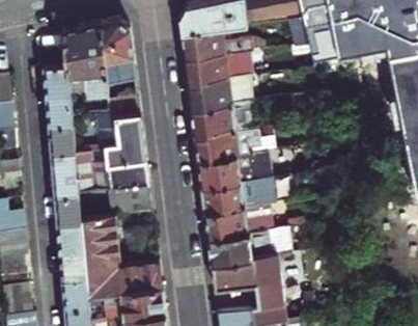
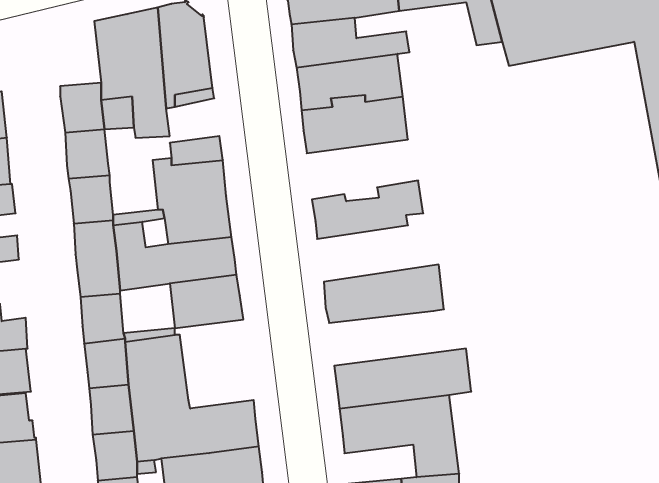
building: [192,100,273,140] -> none
building: [198,153,272,189] -> none
building: [205,207,272,240] -> none

